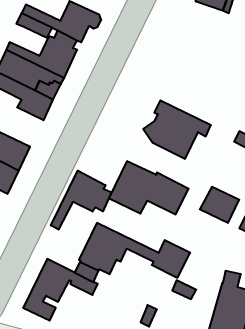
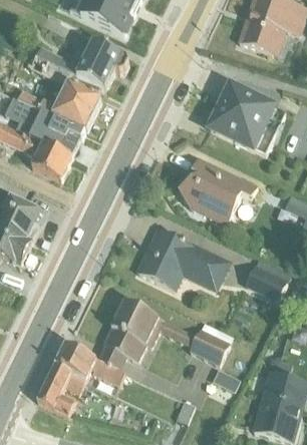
building: none -> [209,84,284,152]
building: [51,171,112,230] -> none

